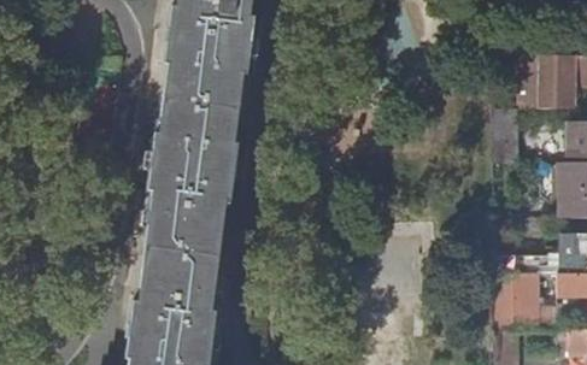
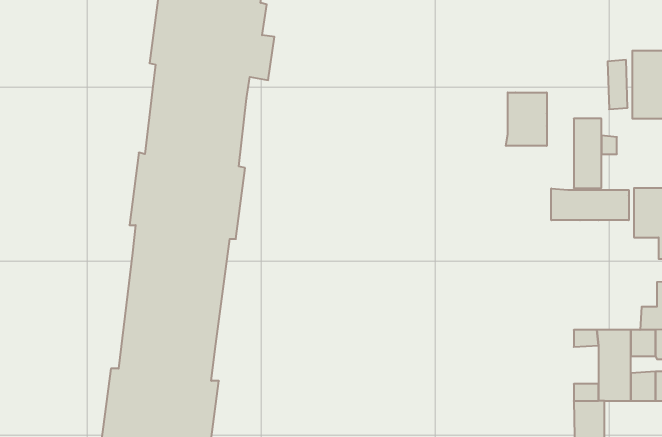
building: none -> [506,92,547,146]
building: none -> [551,188,629,220]

